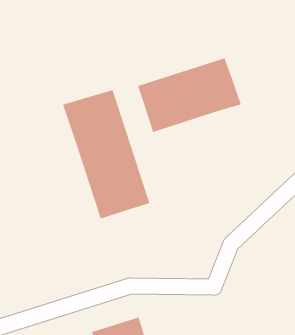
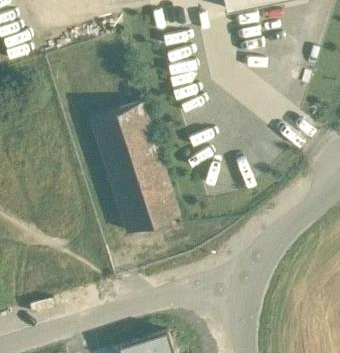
building: [138,57,241,133] -> none

